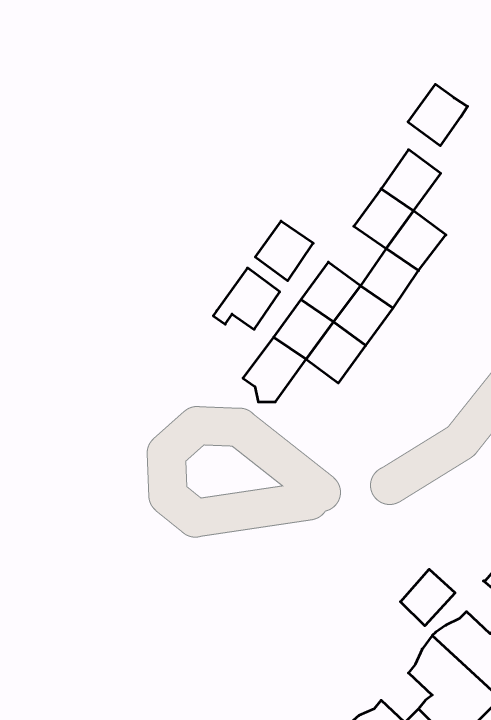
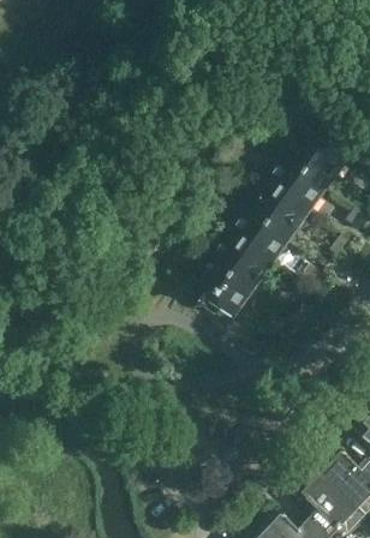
building: [408,84,468,146] -> [305,143,347,186]
building: [255,221,313,281] -> [245,180,286,222]
building: [213,268,280,329] -> [205,274,252,317]
building: [400,569,455,626] -> none

